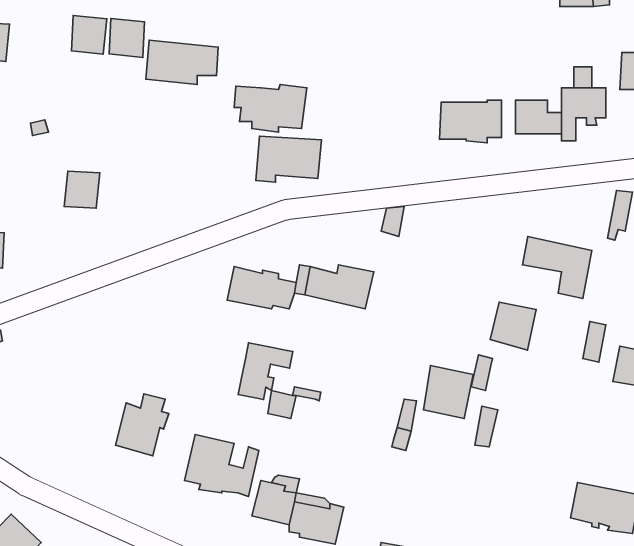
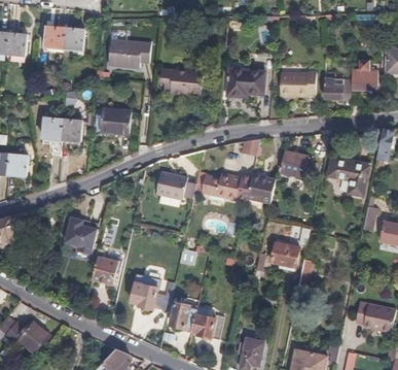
building: [109,18,145,57] -> [45,27,66,49]
building: [256,136,321,182] -> [225,69,263,96]
building: none -> [100,108,132,134]
building: none -> [42,117,63,157]
building: none -> [246,175,274,204]
building: [490,302,536,350] -> [279,154,305,181]
building: none -> [64,217,96,254]
building: [238,343,293,400] -> none

